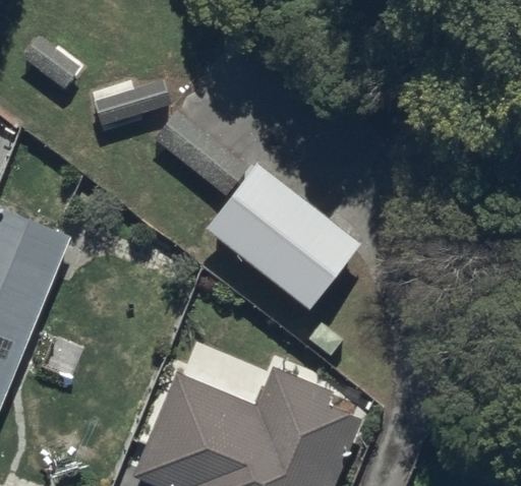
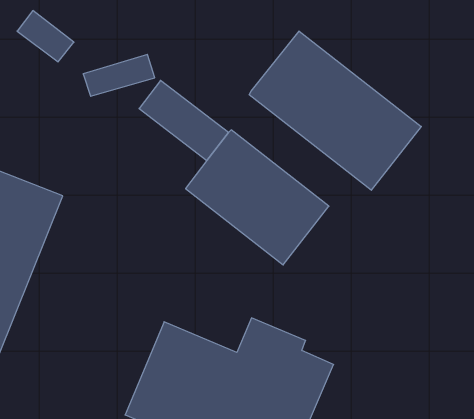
building: none -> [249,31,421,190]

